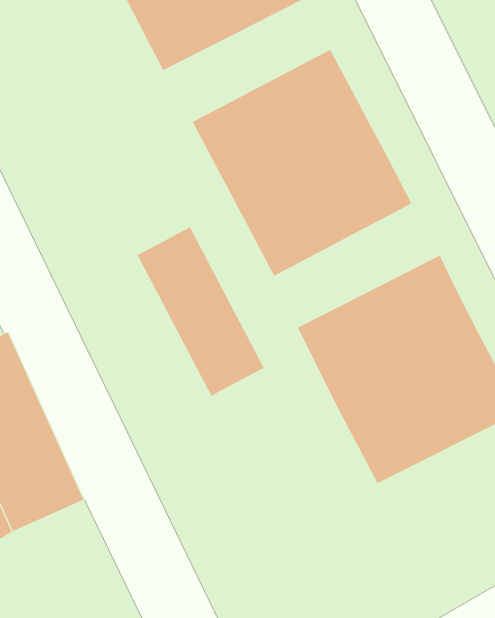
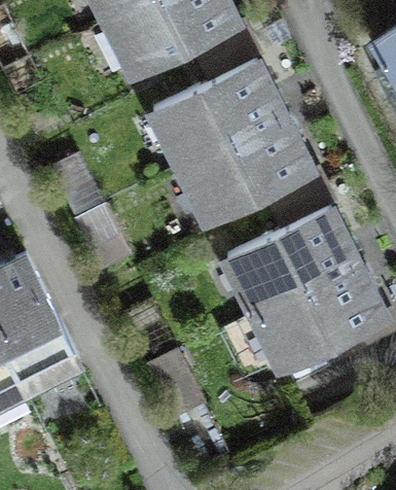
building: [137,227,265,396] -> none

